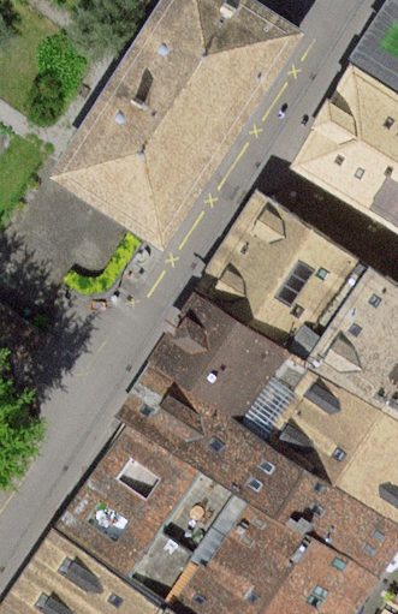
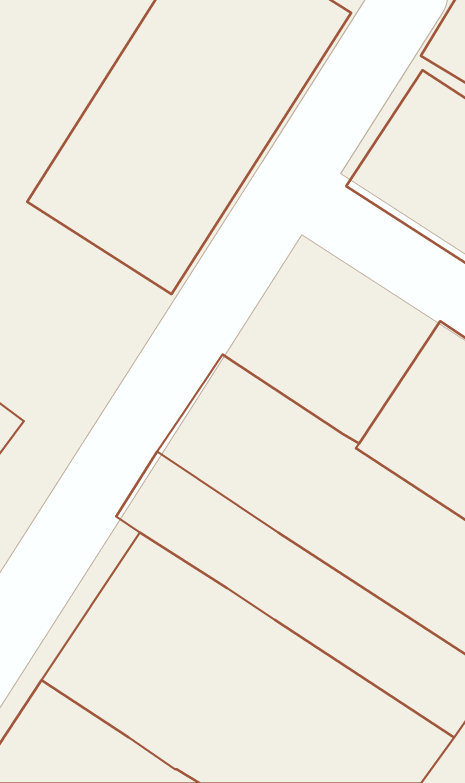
building: [200,196,364,356] -> none

